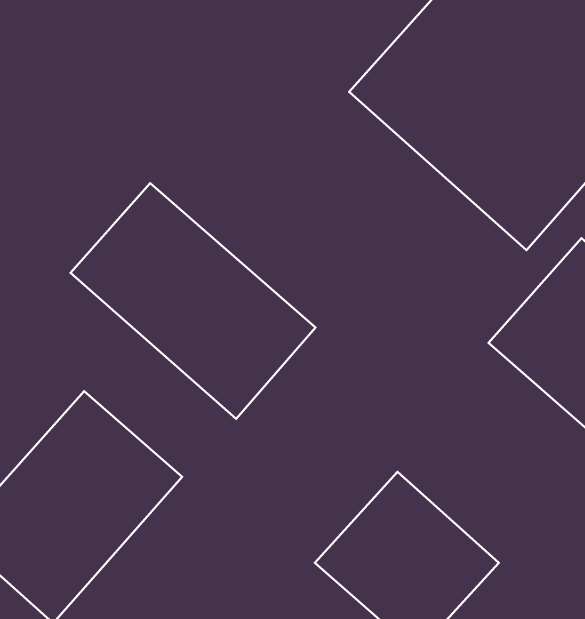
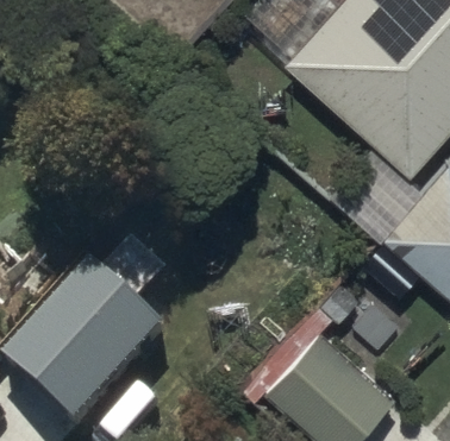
building: [70,183,315,419] -> none

